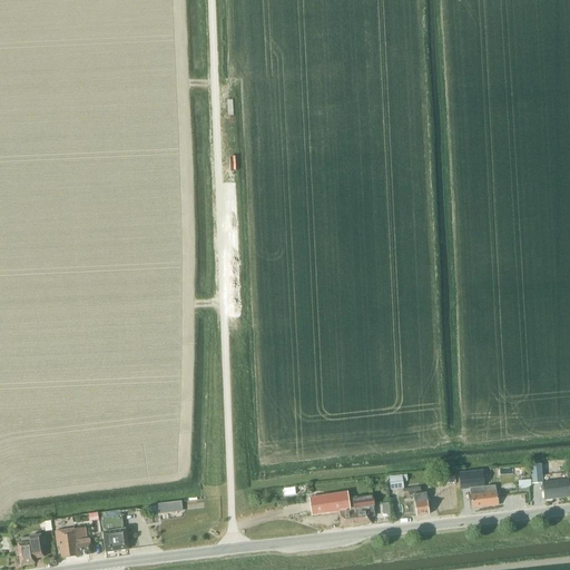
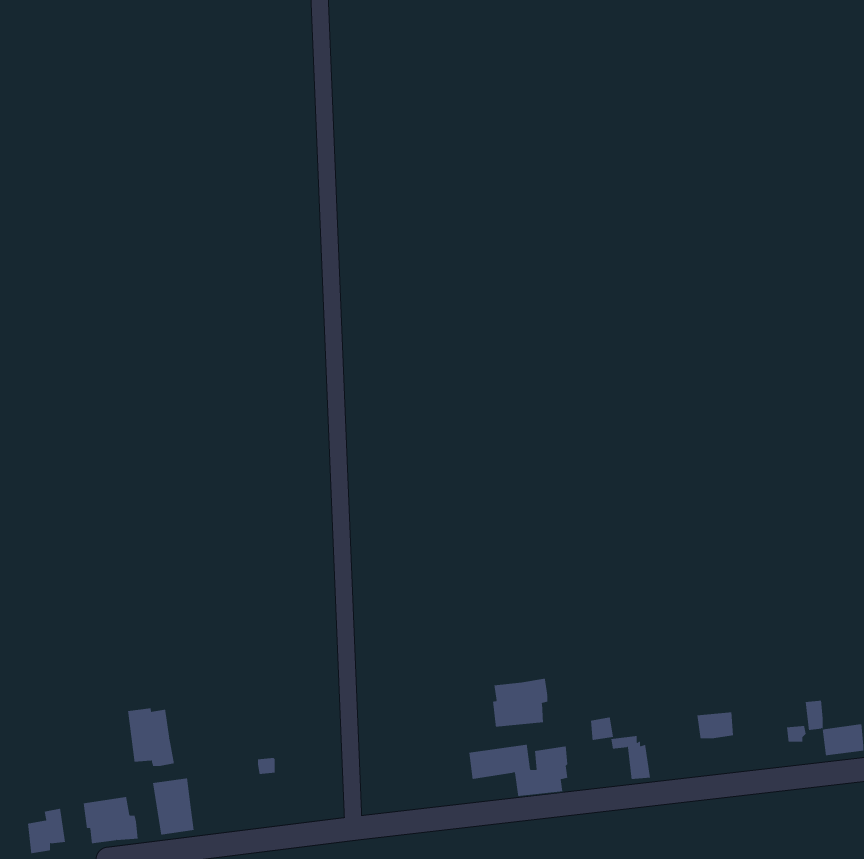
building: none -> [492,678,548,727]
building: none -> [127,707,174,767]
building: [469,483,498,507] -> none

